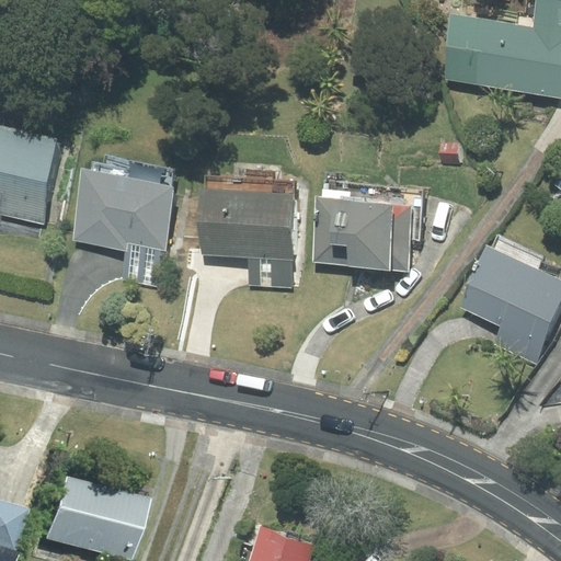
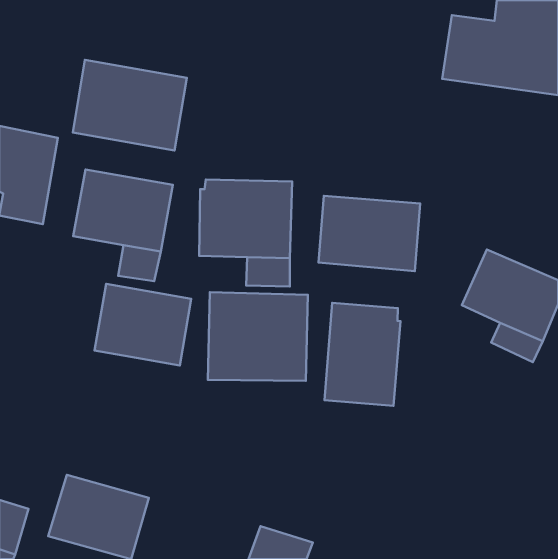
building: none -> [73,60,187,150]
building: none -> [95,284,191,365]
building: none -> [208,292,308,381]
building: none -> [325,303,401,406]

